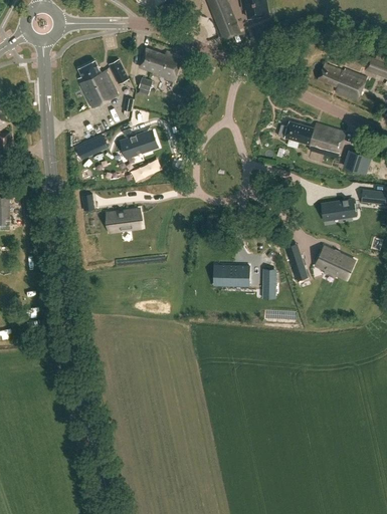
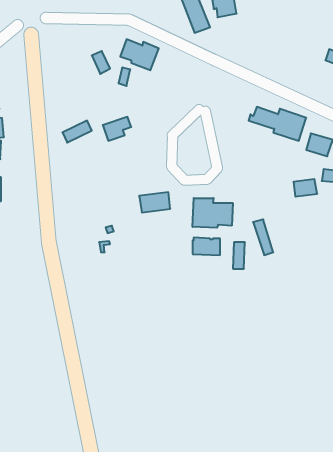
building: [79,61,119,107] -> none
building: [318,64,368,100] -> none
building: [108,209,142,231] -> [139,192,170,212]
building: none -> [193,198,233,228]
building: [316,246,356,279] -> none

